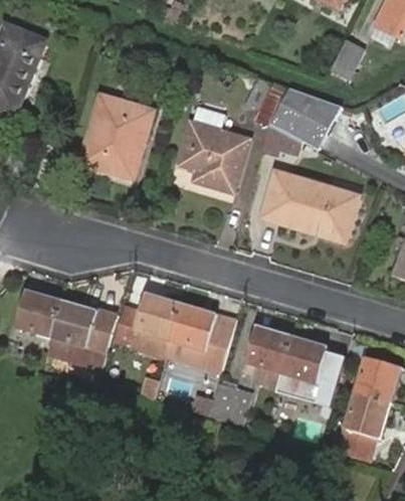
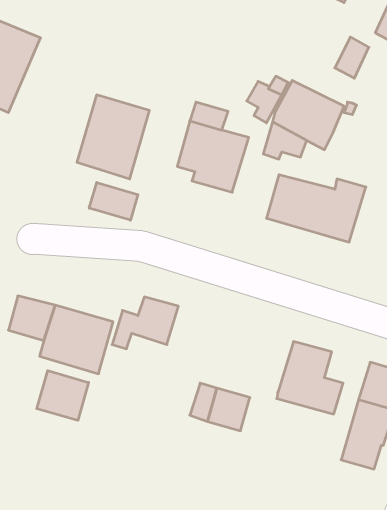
building: none -> [89,182,138,220]
building: [164,302,235,373] -> none
building: [247,326,291,385] -> none
building: none -> [37,371,89,420]

